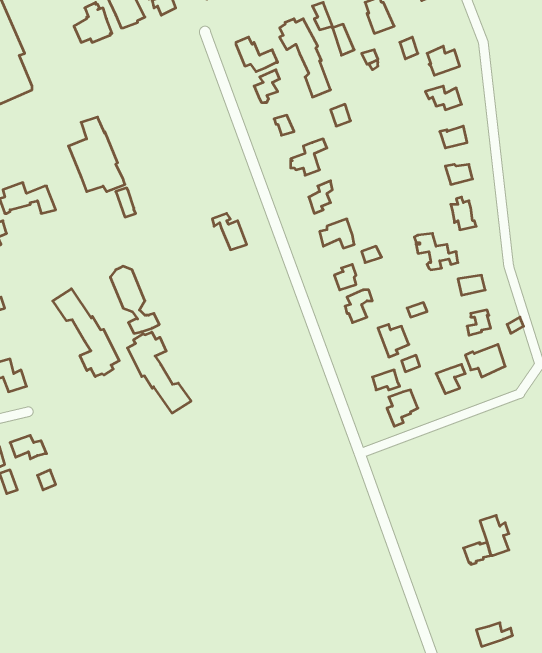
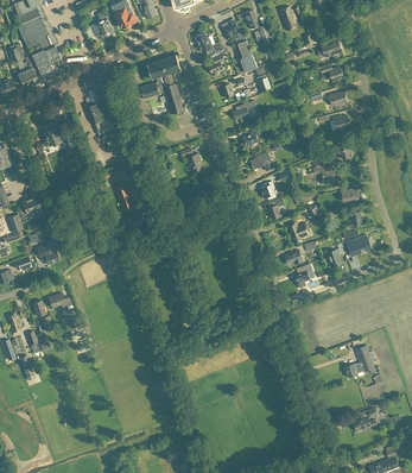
building: none -> [140,53,185,113]
building: [53,289,119,377] -> none
building: [127,332,191,413] -> none

